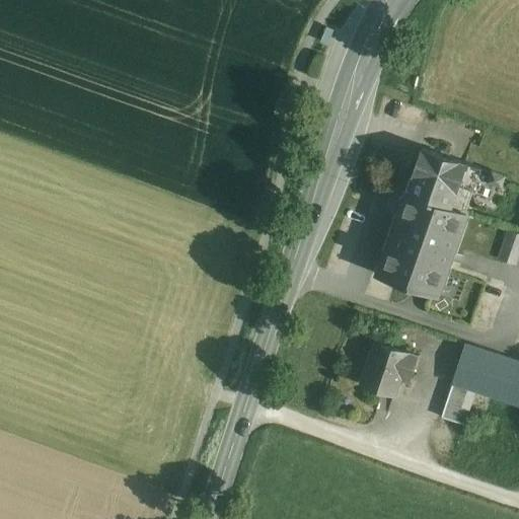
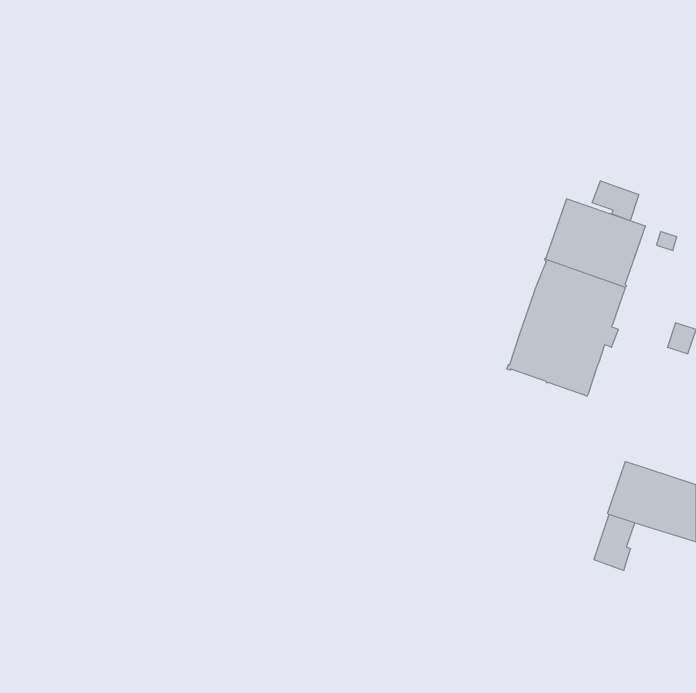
building: none -> [592,181,639,221]
building: [362,344,419,397] -> none

